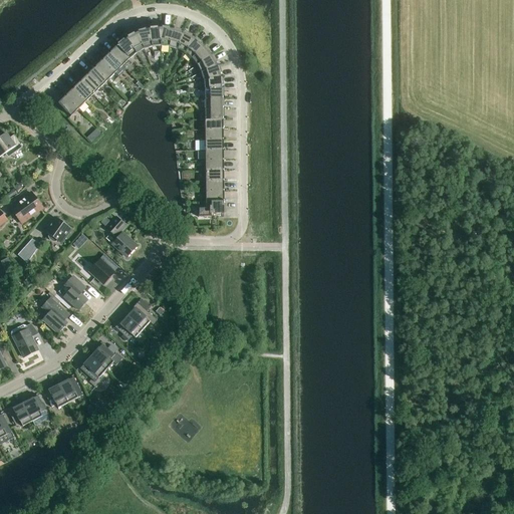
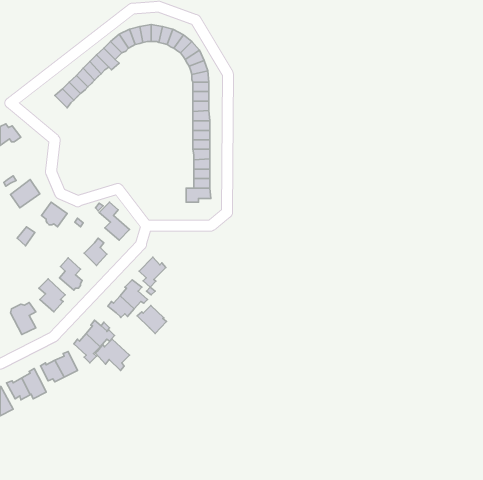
building: none -> [139,257,166,287]
building: none -> [137,305,166,333]
building: none -> [95,339,129,370]

